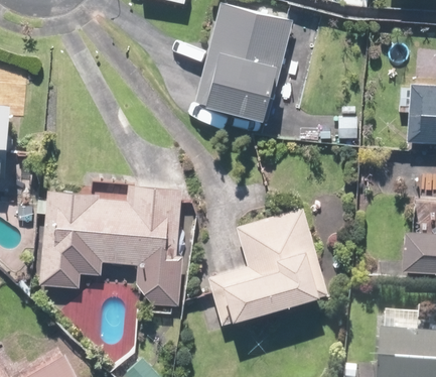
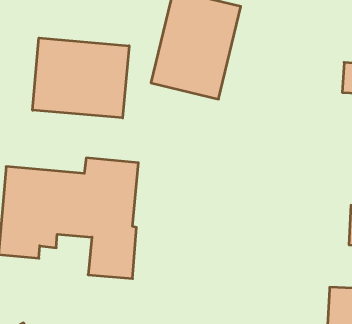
building: none -> [33,38,129,118]
building: [208,207,329,325] -> none

